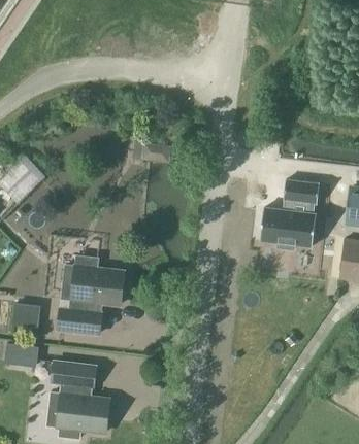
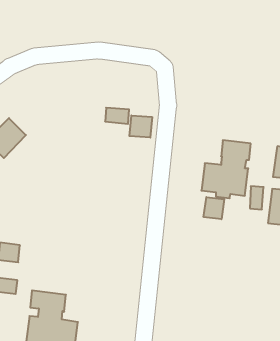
building: none -> [129,115,152,138]
building: none -> [204,197,224,219]
building: [59,255,128,333] -> none

